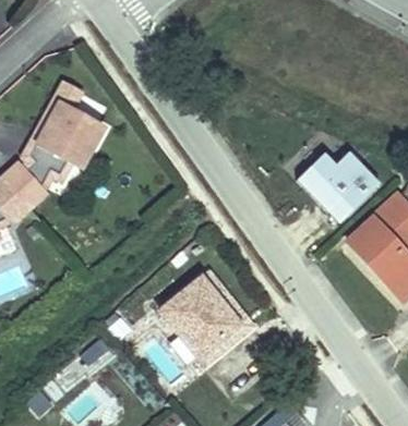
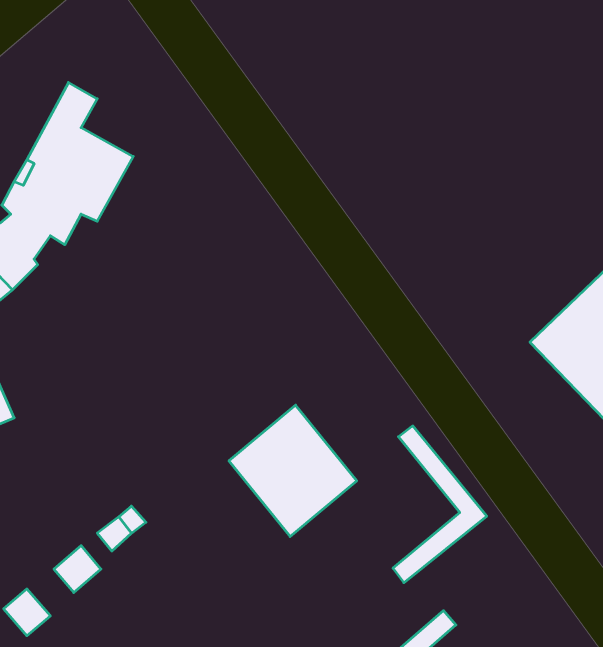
building: [296,150,382,224] -> none
building: [197,270,254,365] -> [393,426,487,583]

